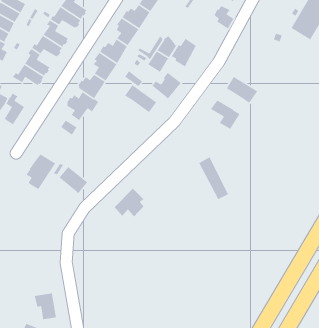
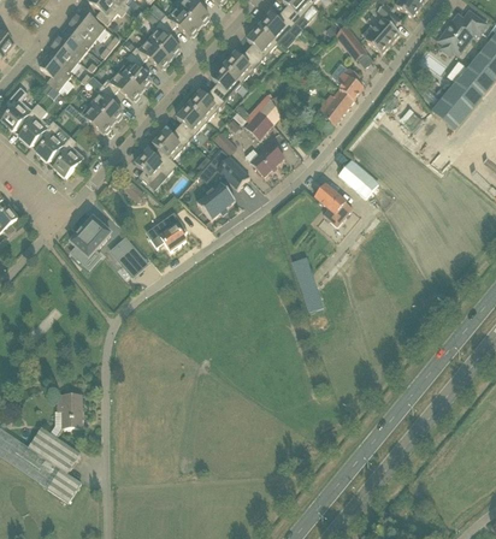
building: [171,38,197,68] -> [318,87,353,124]
building: none -> [196,182,235,219]
building: [114,188,144,217] -> [147,213,187,250]

